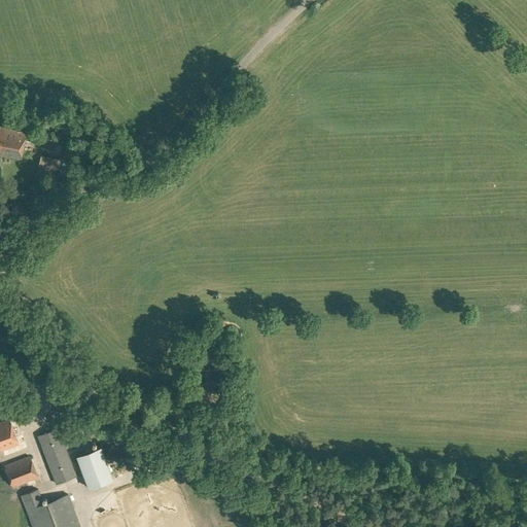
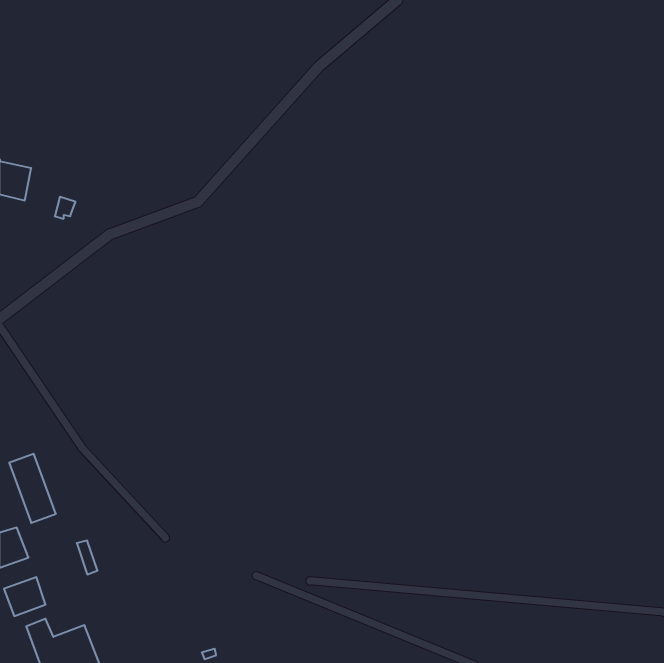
building: [37,430,74,485] -> [9,454,56,523]
building: [75,449,111,489] -> none

